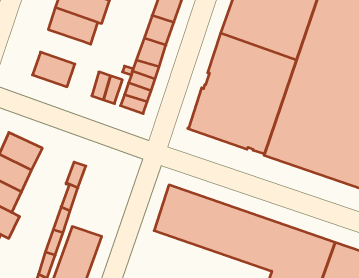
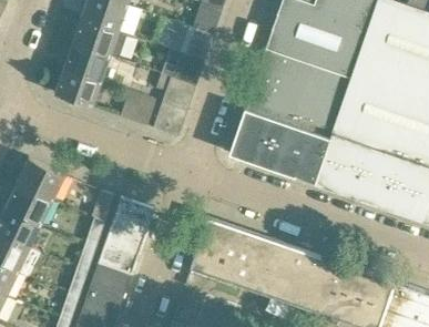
building: none -> [62,44,110,83]
building: none -> [98,200,153,276]

